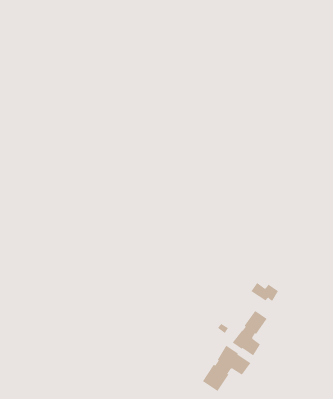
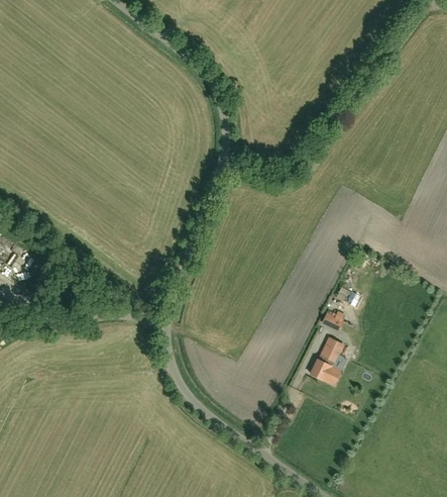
building: [202,345,251,392] -> none

